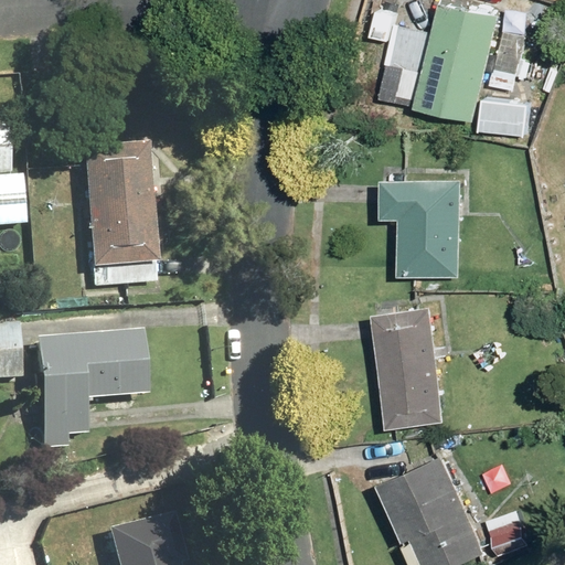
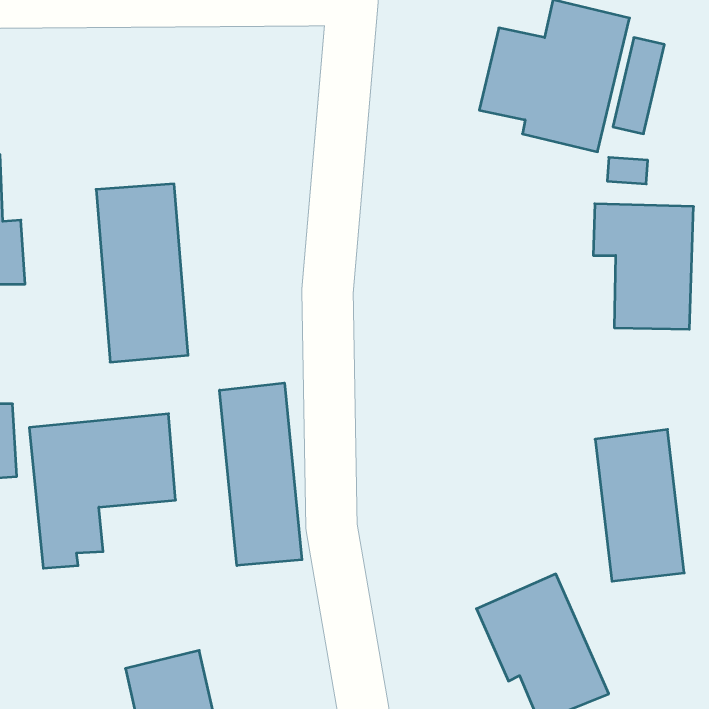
building: [381,179,460,278] -> [593,204,694,329]
building: none -> [220,383,302,566]
building: [373,307,444,427] -> [595,429,684,581]

